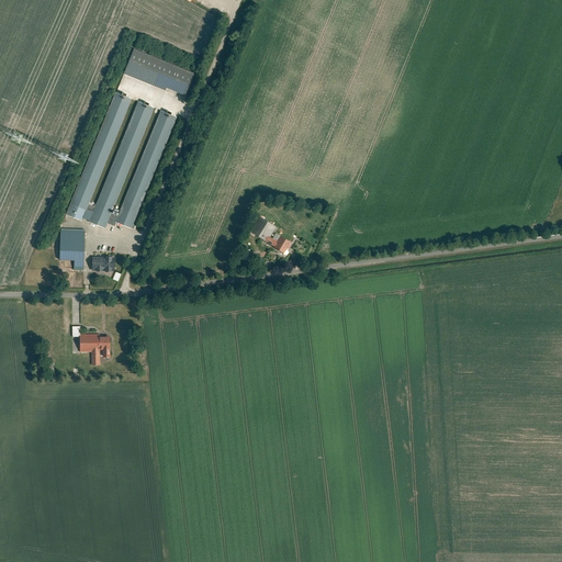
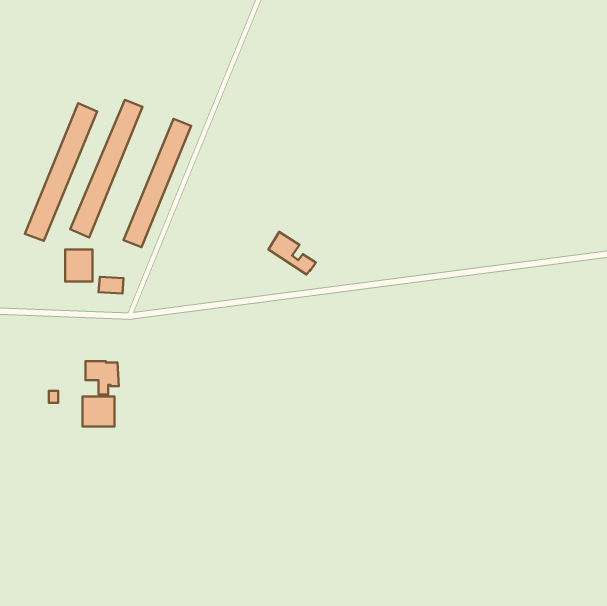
building: [125,48,195,94] -> none
building: [89,100,156,227] -> [25,103,97,241]
building: none -> [82,396,115,426]

